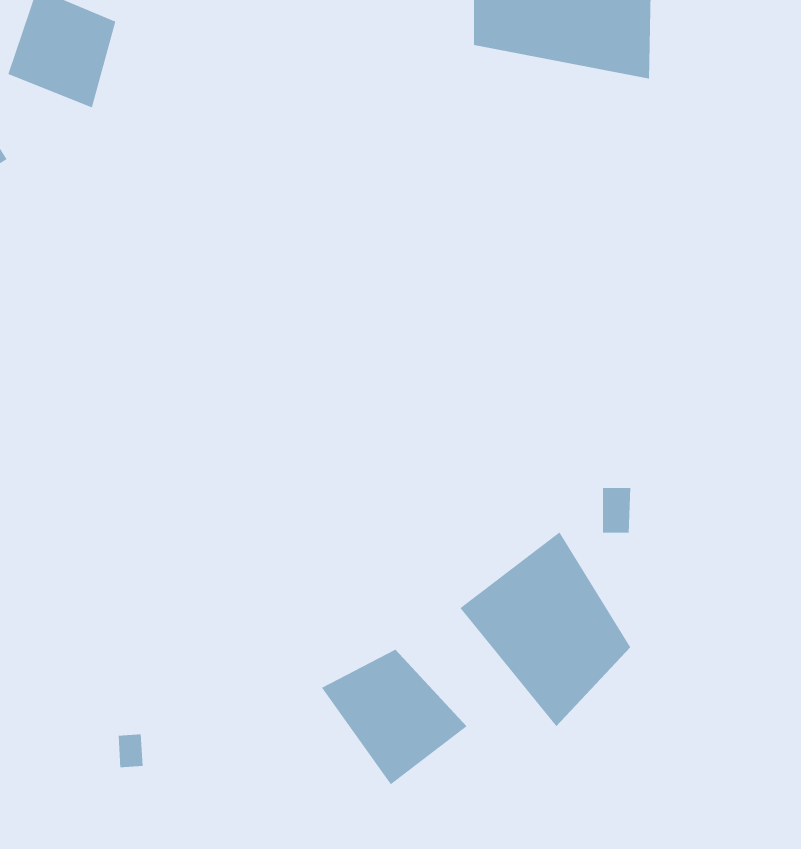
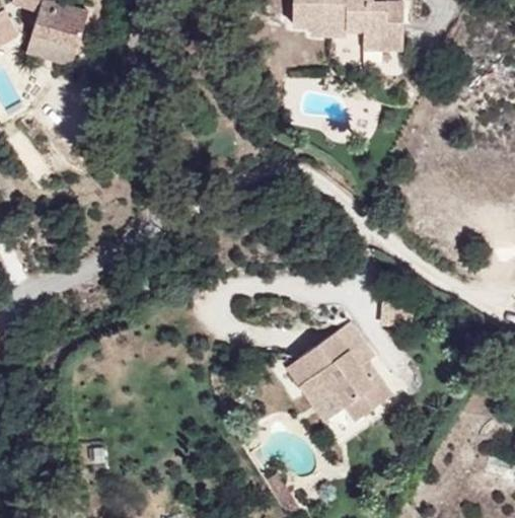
building: [321,649,468,785] -> none

